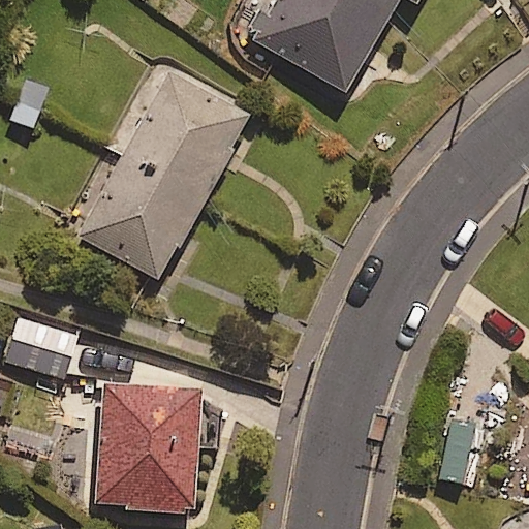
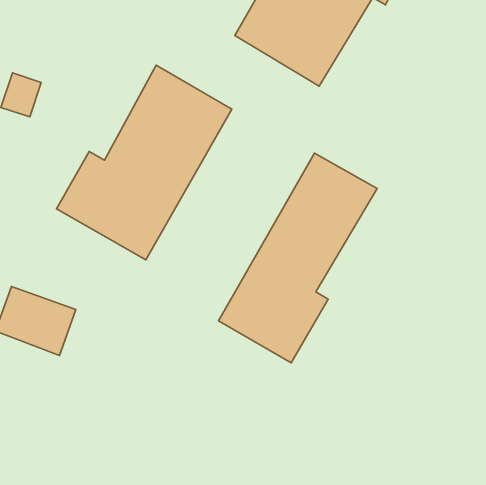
building: none -> [218,153,377,363]
building: [95,385,222,512] -> none

